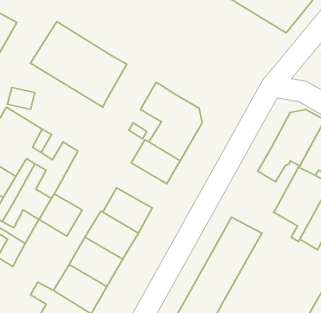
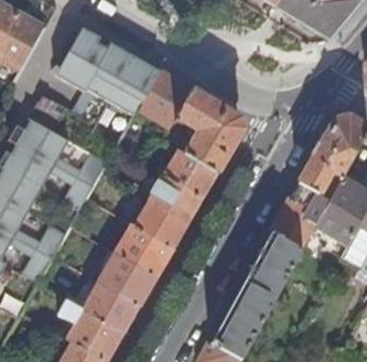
building: none -> [138,70,191,128]
building: none -> [149,174,202,221]
building: none -> [270,183,328,248]
building: [39,194,82,236] -> none

